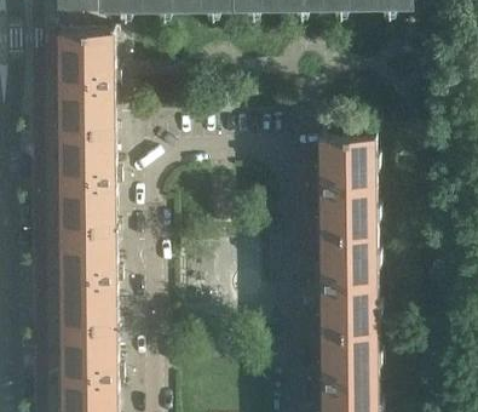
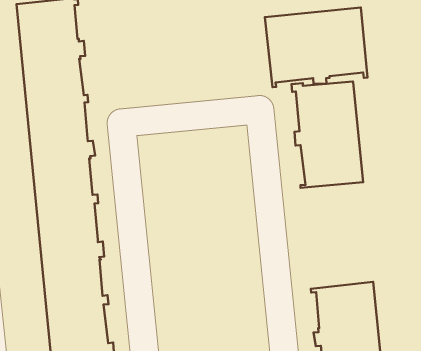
building: none -> [265,8,367,87]
building: [315,236,376,334] -> none

